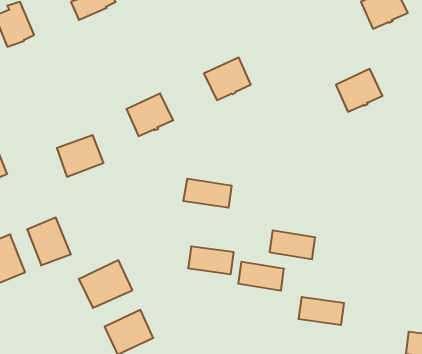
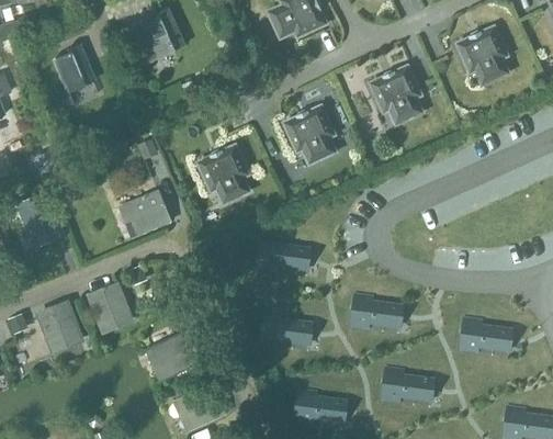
building: [336,69,383,112] -> [369,67,420,114]
building: none -> [463,320,515,352]
building: [238,262,284,291] -> [298,393,349,425]

